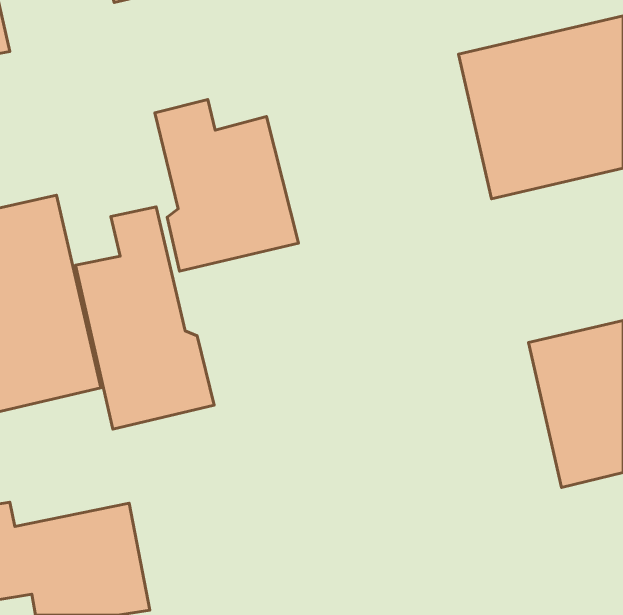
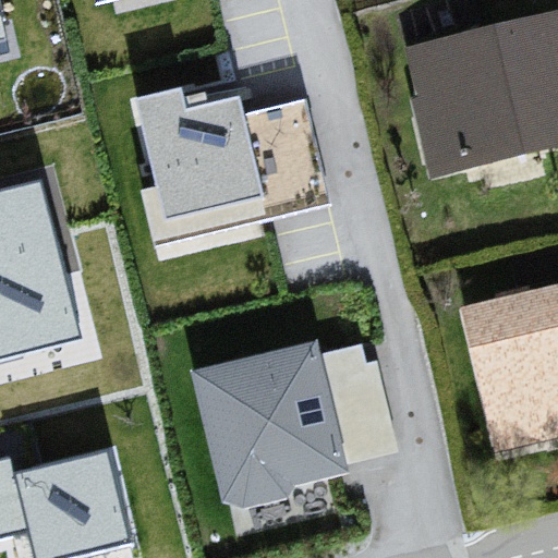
building: [76,207,214,429] -> none
building: none -> [193,341,347,505]

